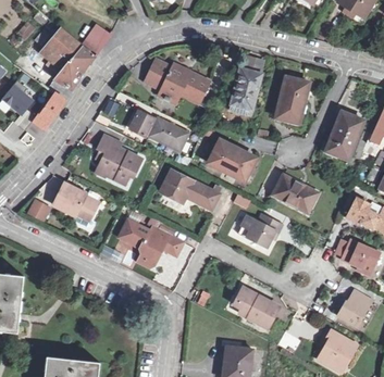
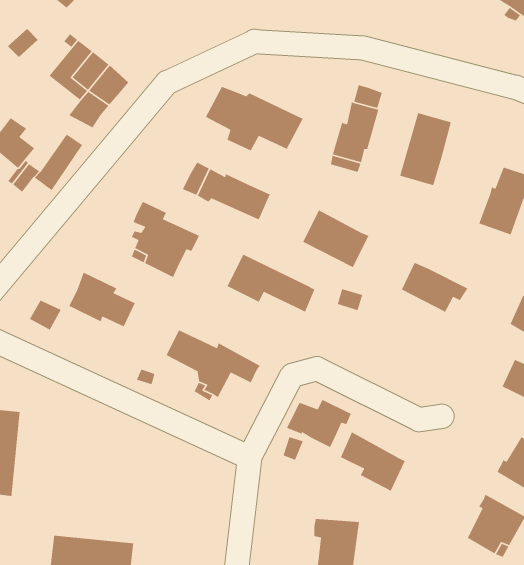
building: [80,24,111,56] -> none
building: [237,215,281,248] -> [286,399,352,448]

